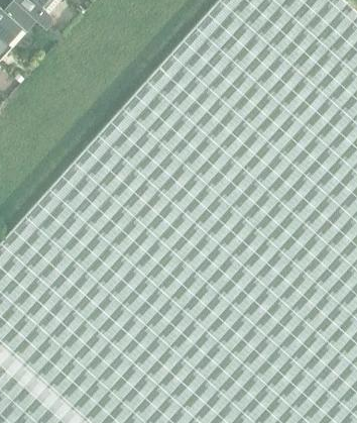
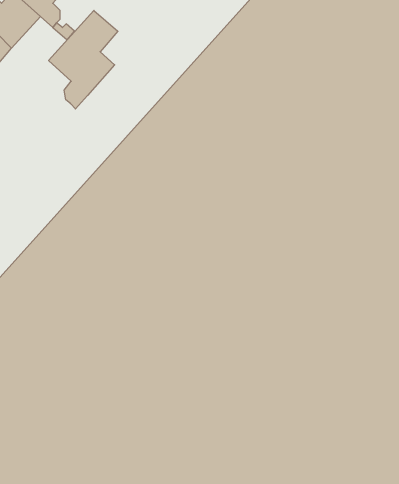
building: none -> [49,10,118,109]

